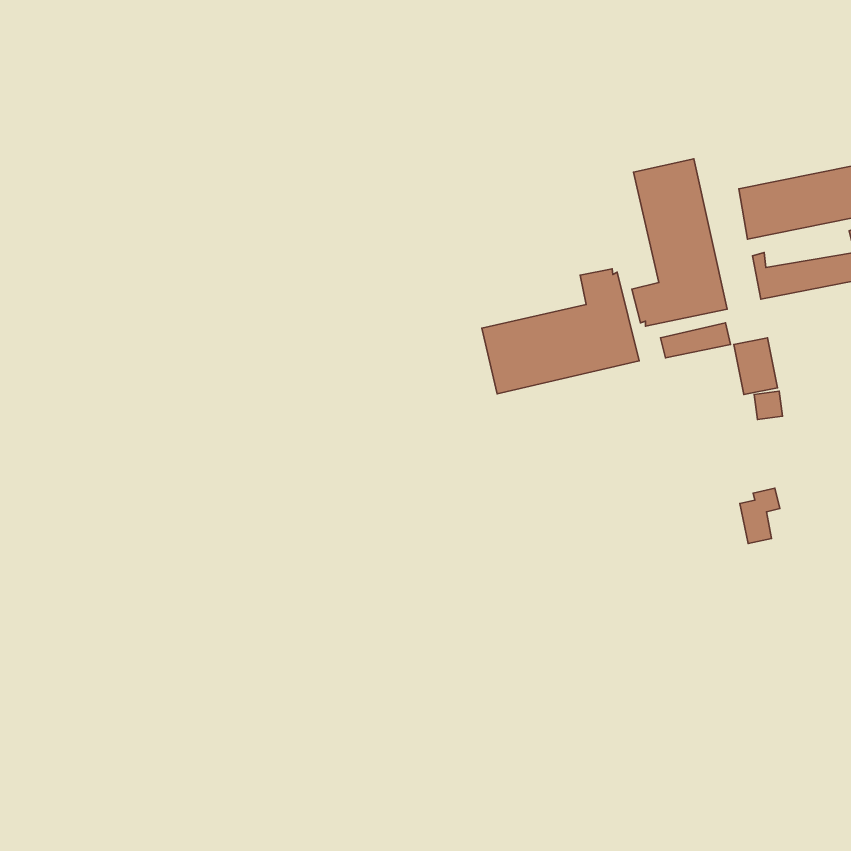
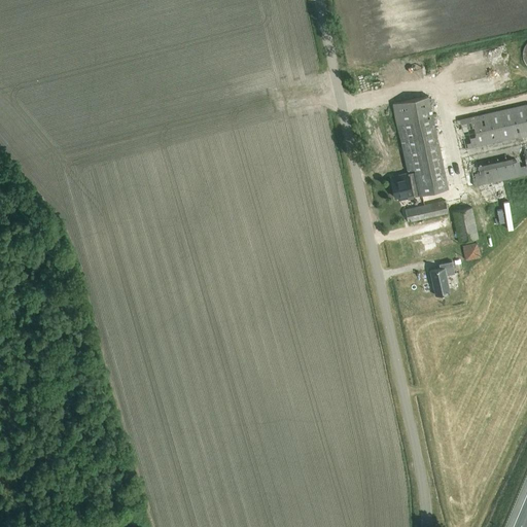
building: [482,269,639,394] -> none
building: [740,488,780,543] -> [432,264,457,297]

